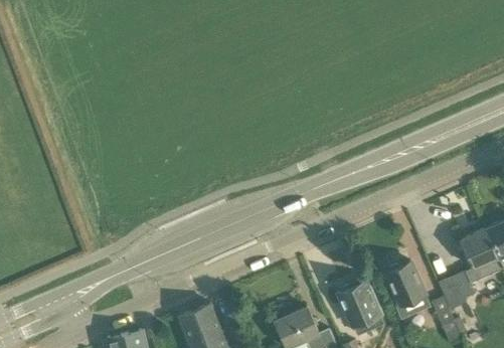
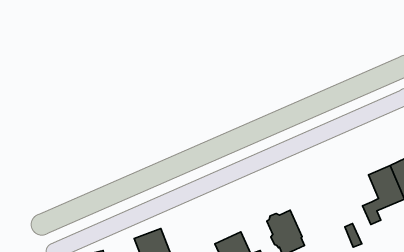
building: [385,262,430,310] -> none

